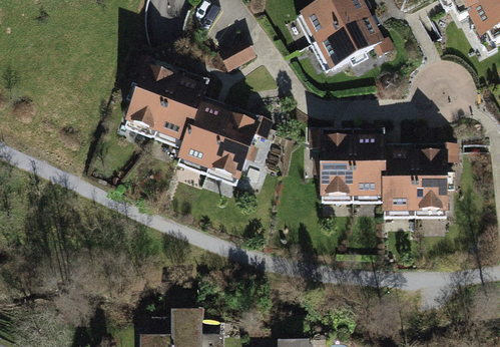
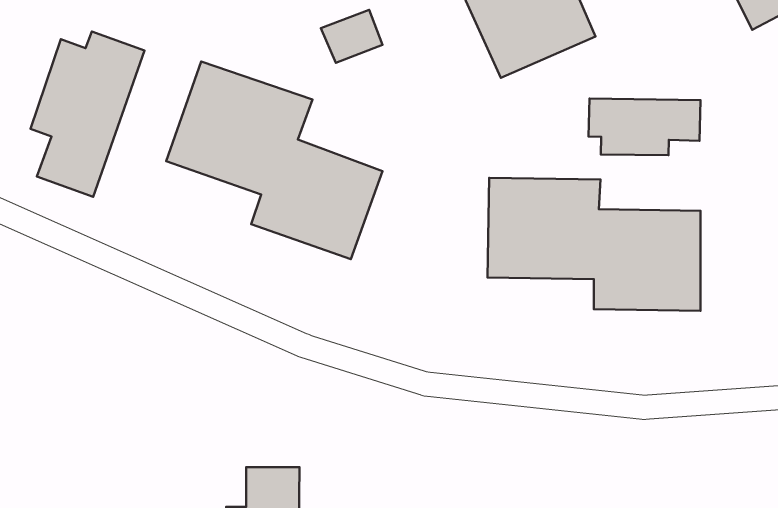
building: none -> [30,31,145,197]
building: none -> [589,98,701,155]

